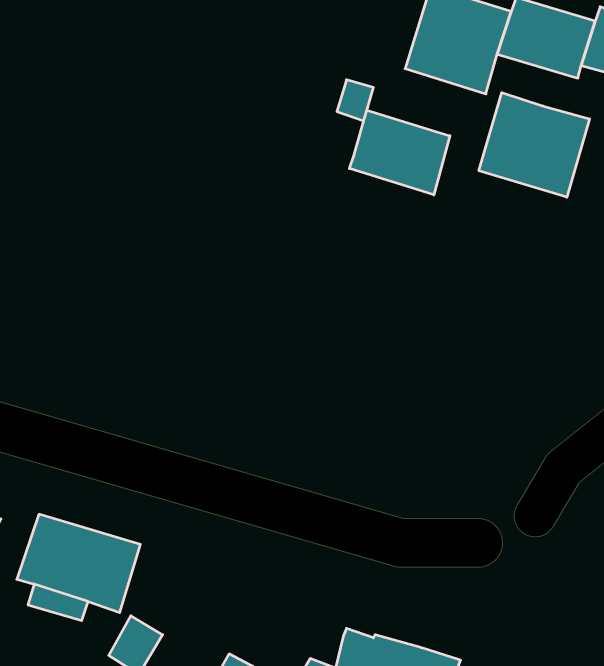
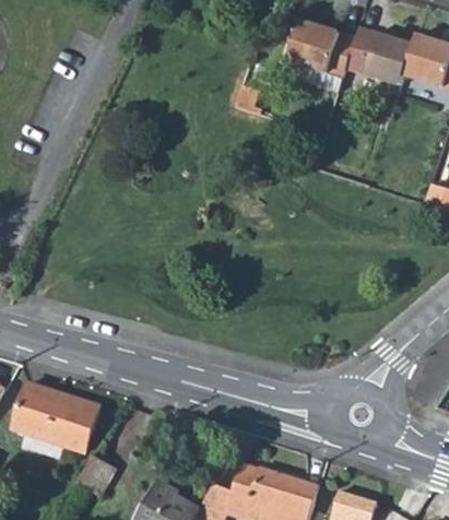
building: [479,93,590,197] -> none
building: [349,110,450,195] -> none

